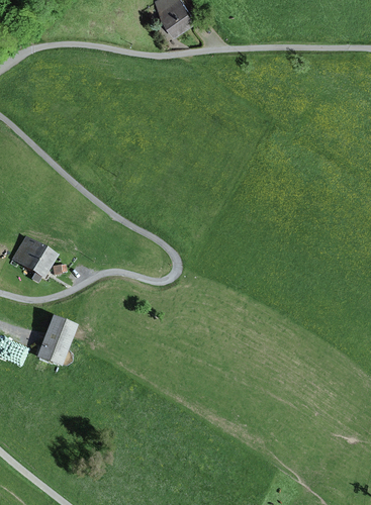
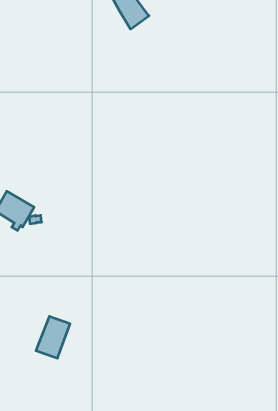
building: [35,315,77,366] -> [36,316,70,358]

